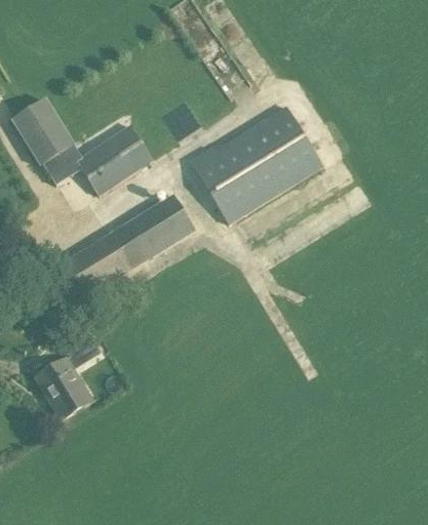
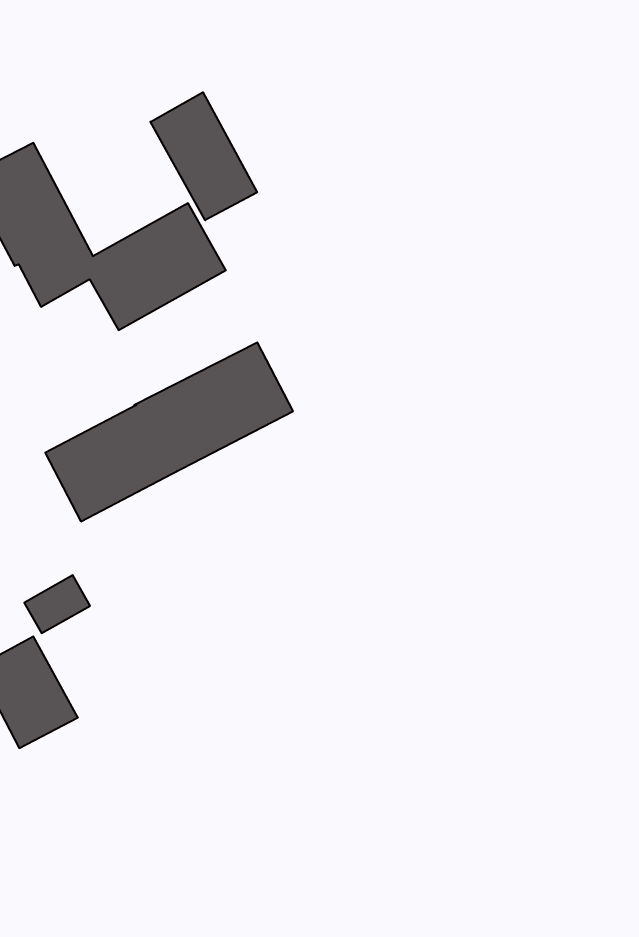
building: none -> [150,92,257,220]
building: [190,107,322,224] -> none

